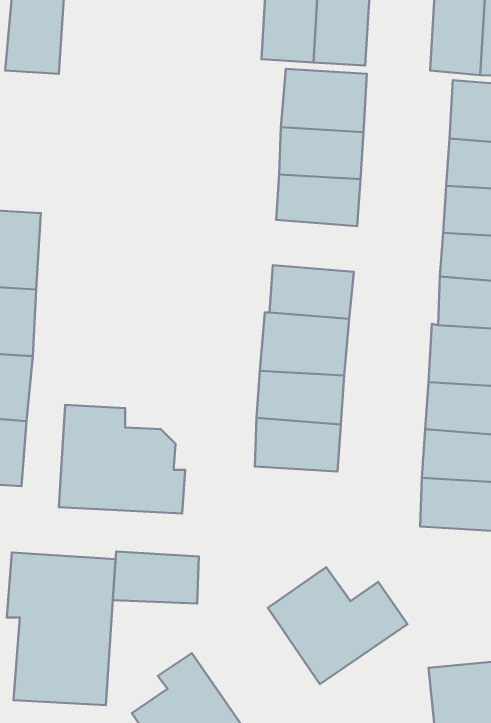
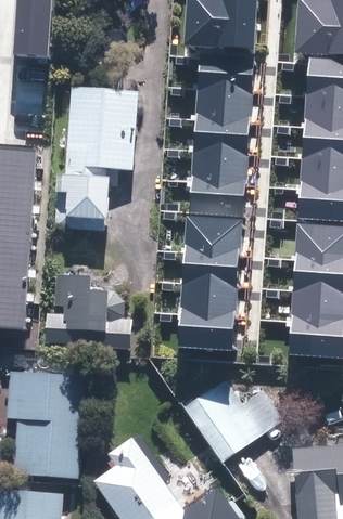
building: none -> [59,89,136,219]
building: none -> [190,152,246,186]
building: [113,552,199,604] -> [176,316,233,351]

